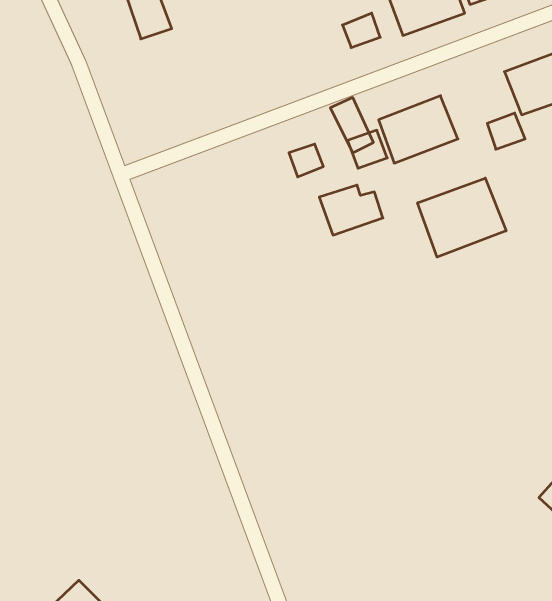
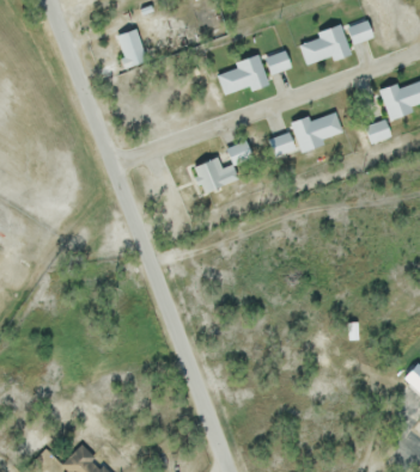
building: none -> [218,54,270,94]
building: [418,178,506,257] -> none
building: [319,185,383,235] -> [194,158,238,192]

